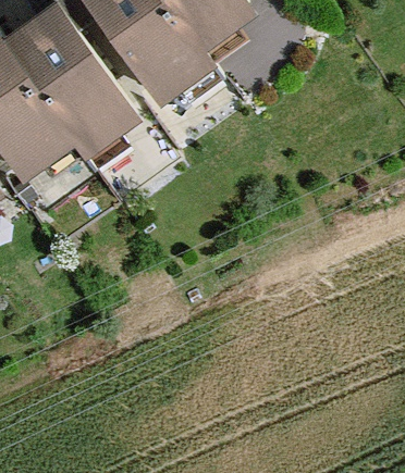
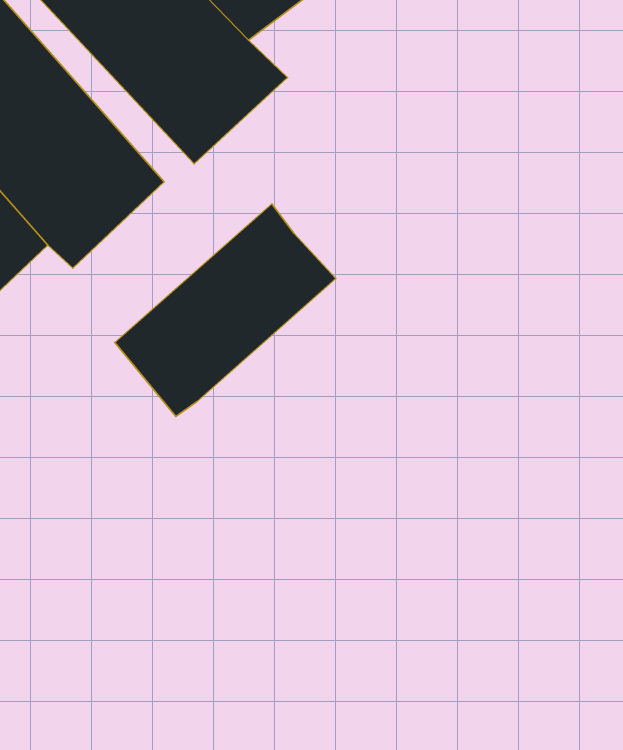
building: none -> [115,204,336,416]

